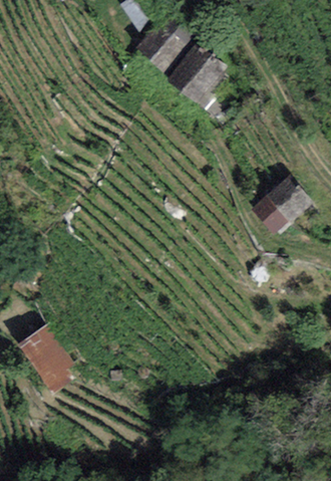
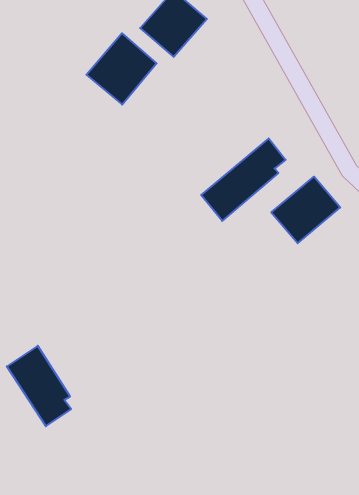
building: [166,41,227,103] -> [86,33,157,105]
building: none -> [201,138,286,221]

